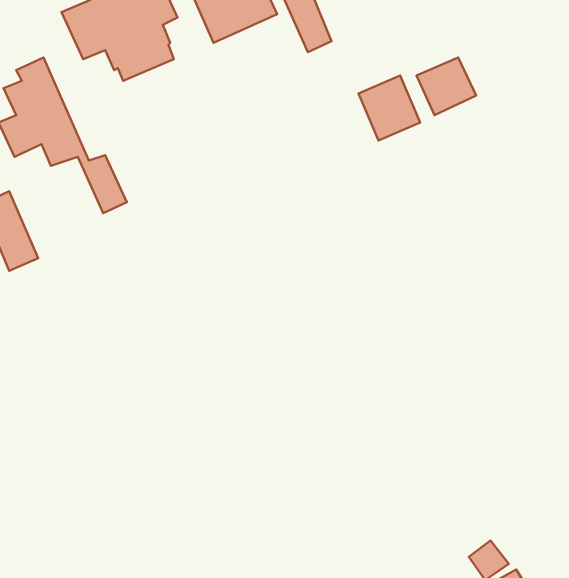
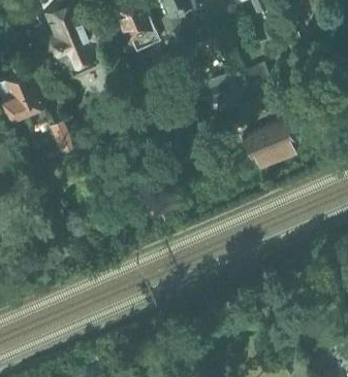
building: none -> [243,119,296,172]

